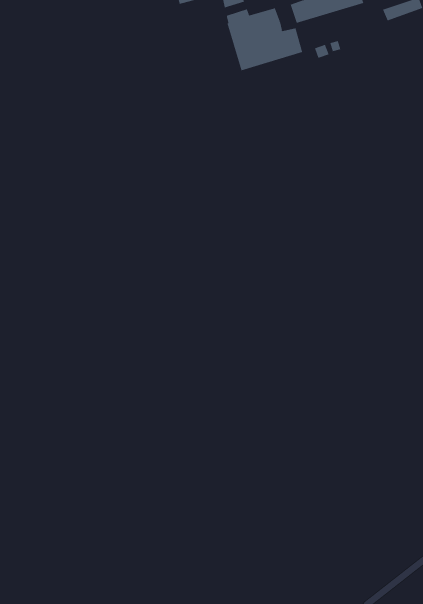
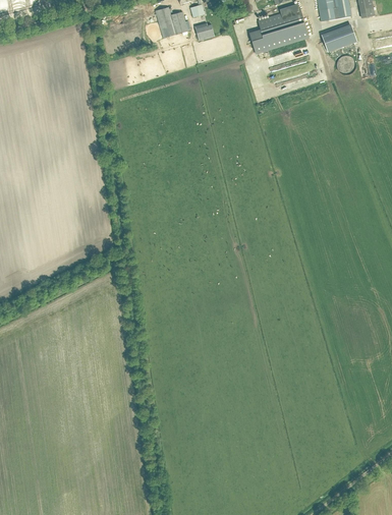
building: [226,8,303,71] -> none

